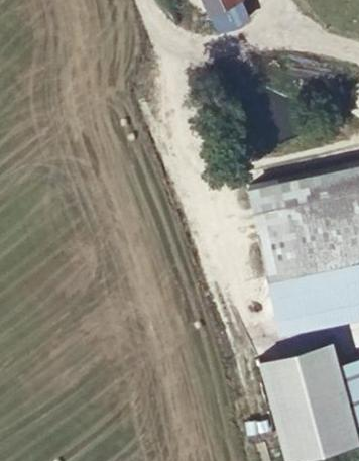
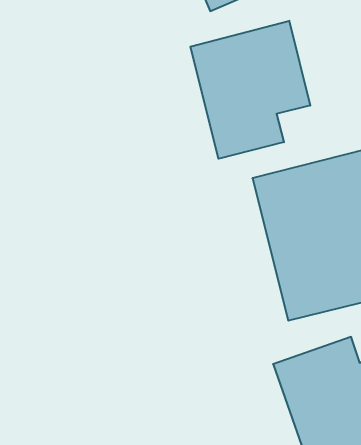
building: none -> [190,21,310,159]

